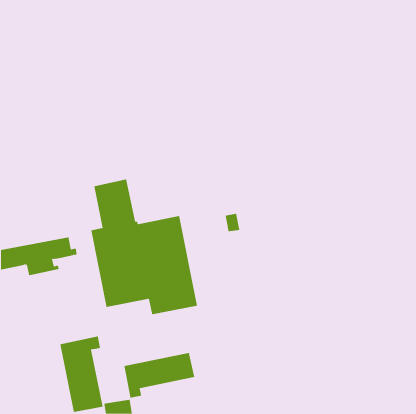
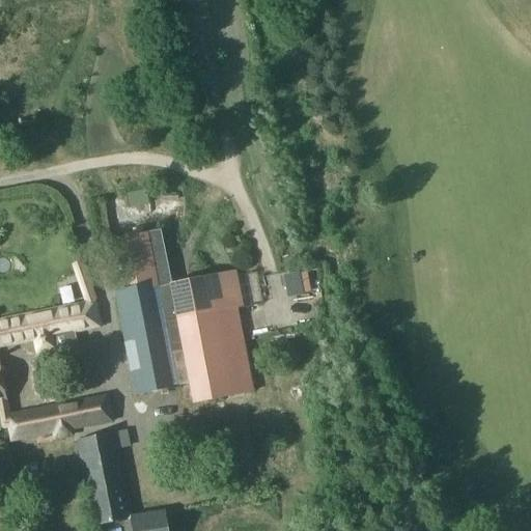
building: none -> [6,394,111,439]
building: [124,352,195,399] -> none

